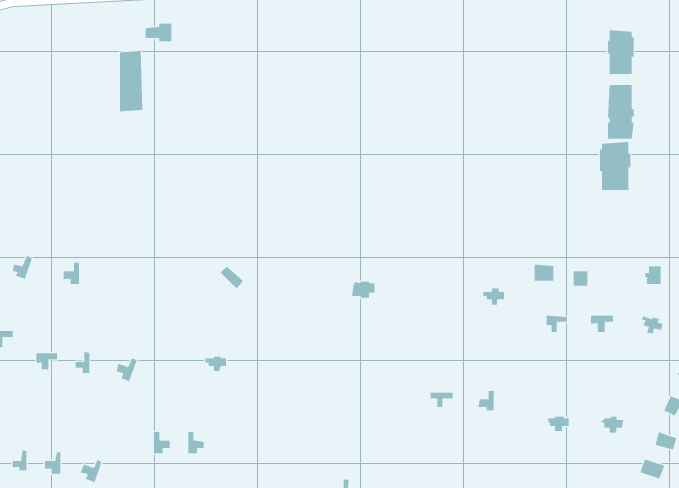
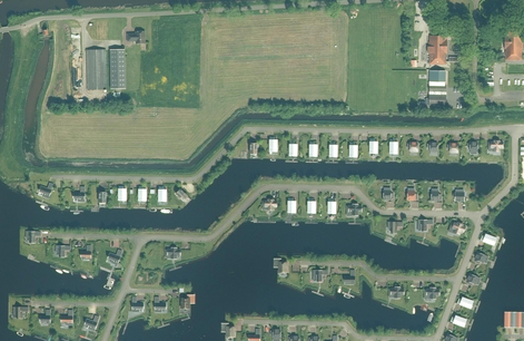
building: none -> [86,50,105,90]
building: [599,141,631,191] -> none

